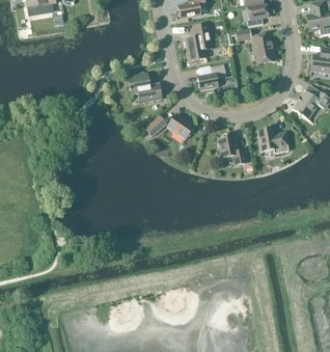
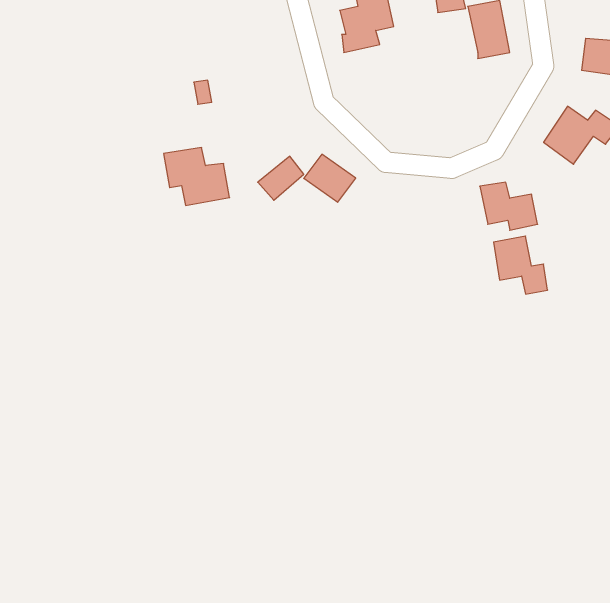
building: [197,63,226,89] -> none
building: [128,73,162,103] -> [164,148,230,205]
building: [218,134,246,164] -> [494,236,548,294]

